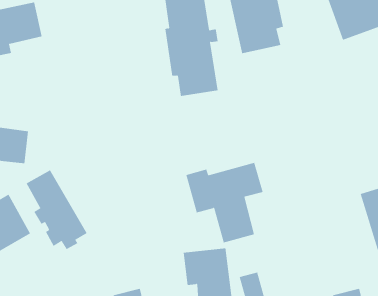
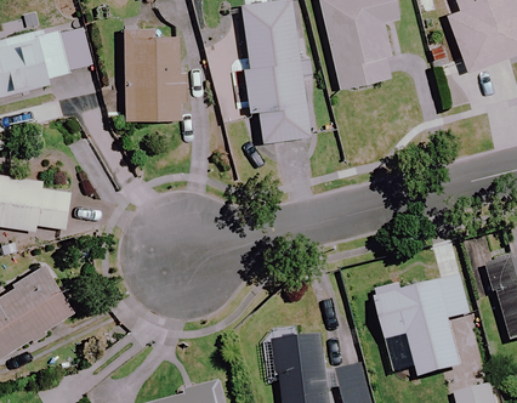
building: none -> [125,32,184,120]
building: [186,162,264,243] -> [373,276,471,378]
building: [26,169,88,250] -> none

